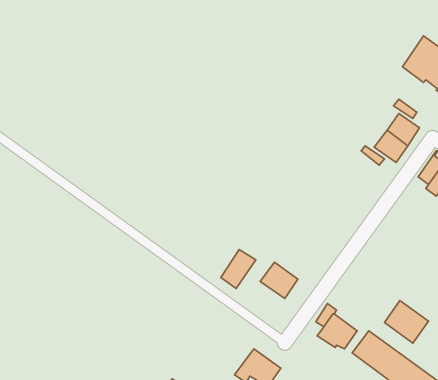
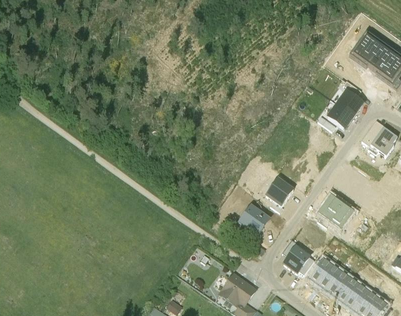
building: none -> [265,179,293,207]
building: [221,250,256,289] -> none
building: [384,300,428,343] -> [318,196,352,229]

